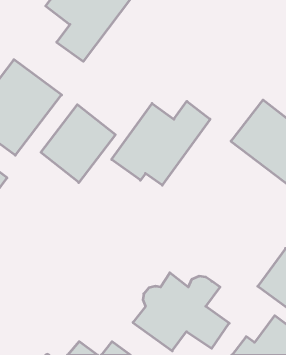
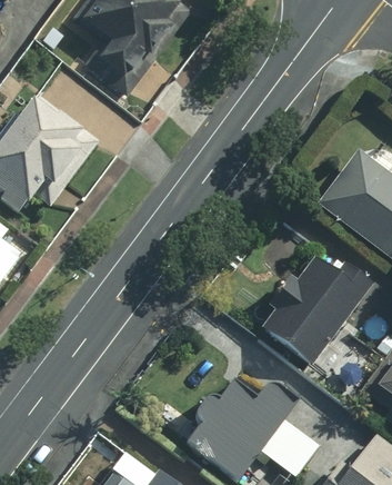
building: [112,101,210,185] -> none
building: [41,105,115,183] -> none
building: none -> [263,253,366,362]

